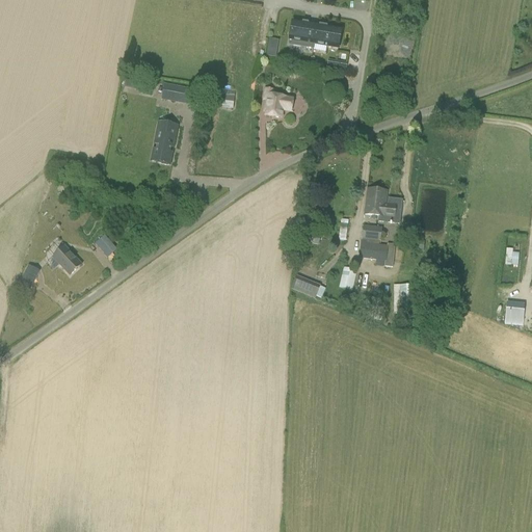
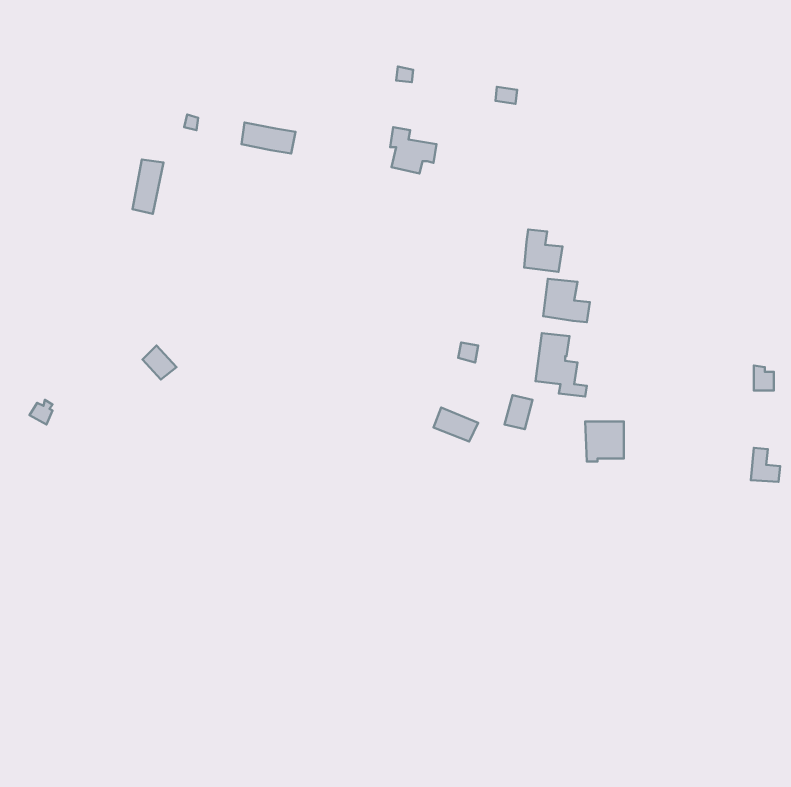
building: [290,18,341,47] -> none
building: [154,126,175,162] -> [133,159,164,214]
building: none -> [524,230,562,272]
building: [53,244,82,273] -> none

